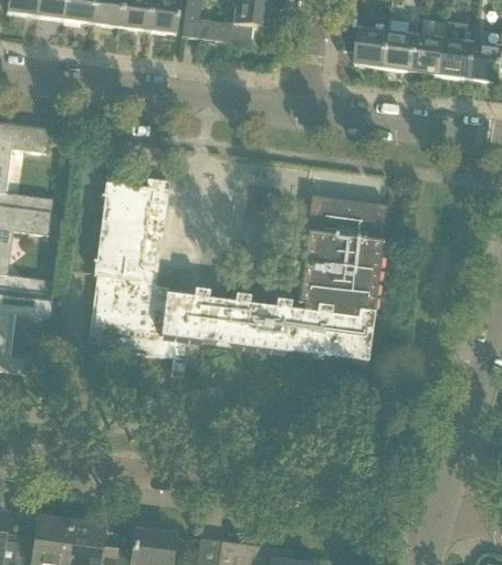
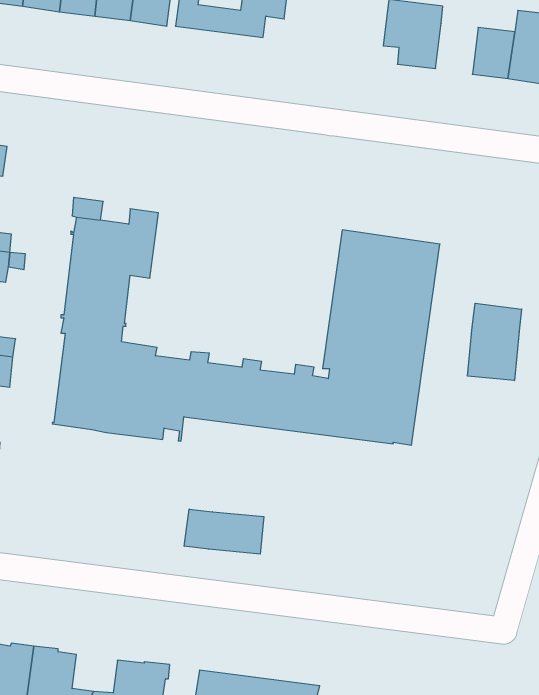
building: [386,20,419,73] -> none
building: none -> [468,303,522,381]
building: none -> [184,509,264,554]

